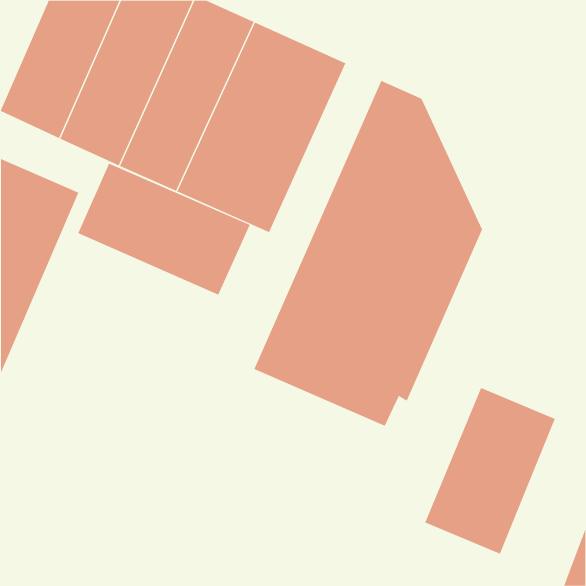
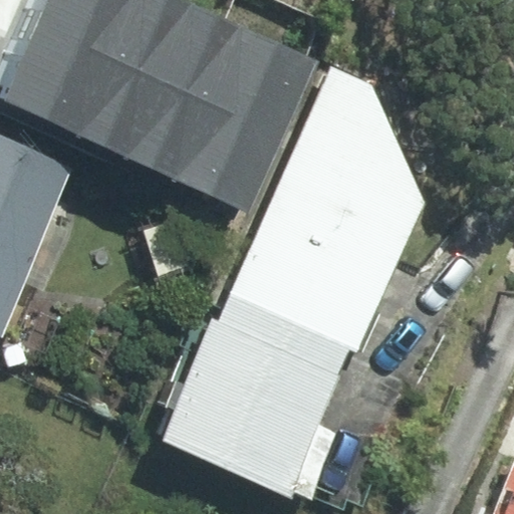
building: [77,163,250,296] -> none
building: none -> [167,319,337,496]
building: [425,387,556,555] -> none

